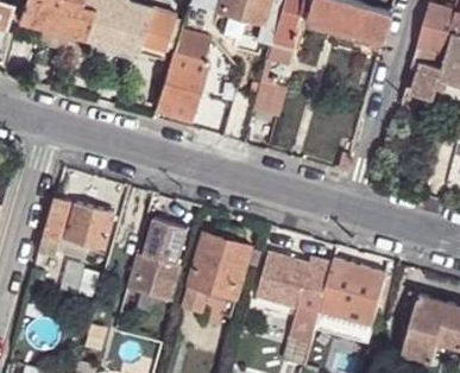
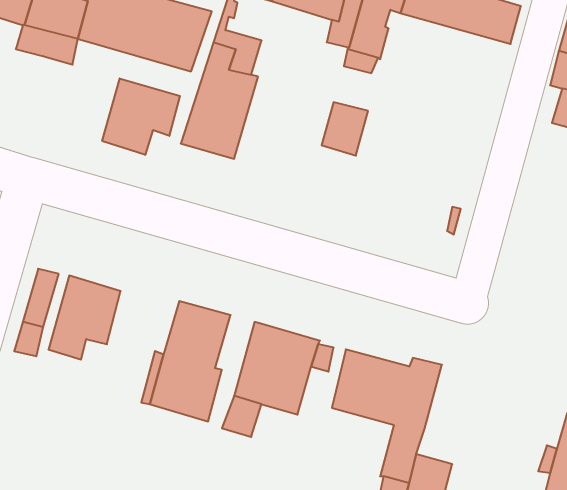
building: none -> [102,78,180,155]
building: [323,259,387,321] -> none

